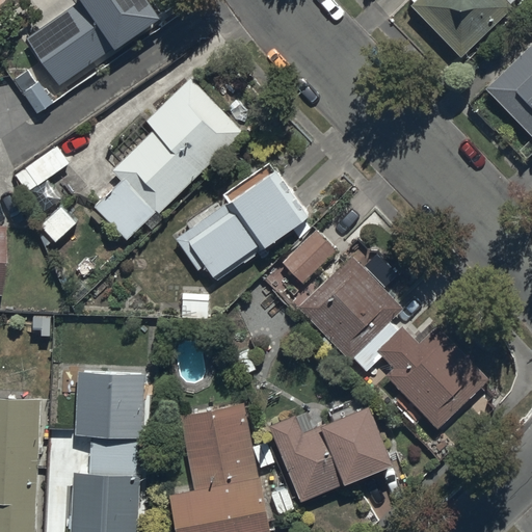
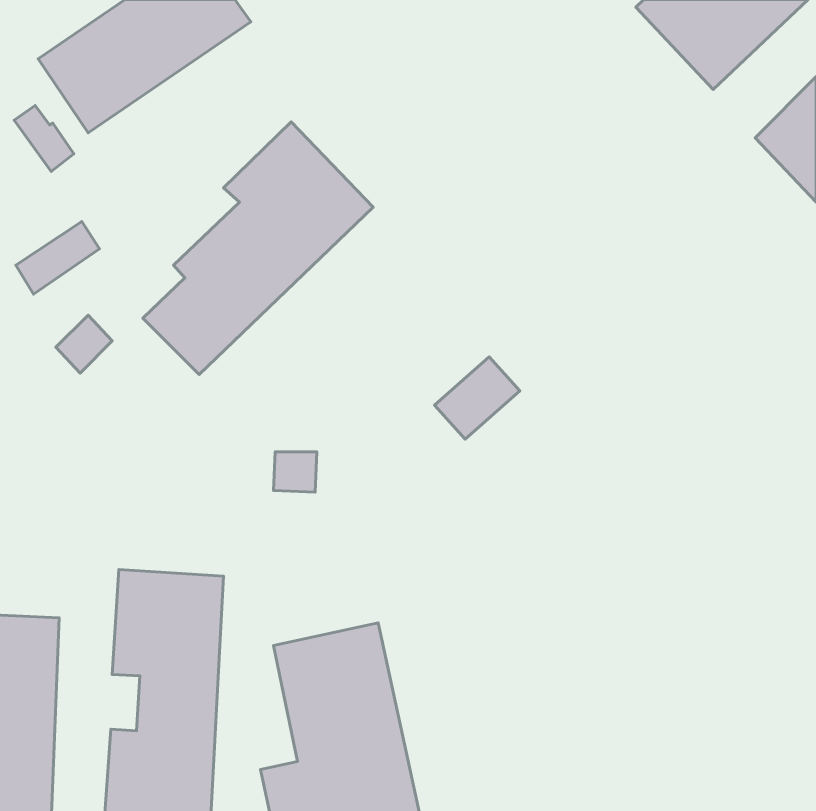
building: [175,164,311,284] -> none
building: [298,256,488,430] -> none
building: [269,405,396,508] -> none

